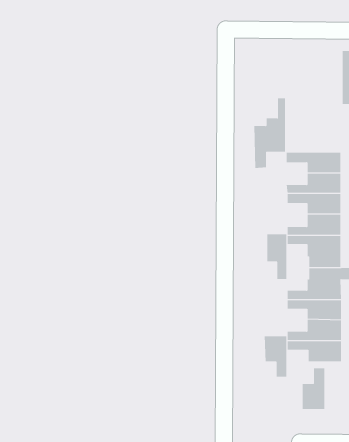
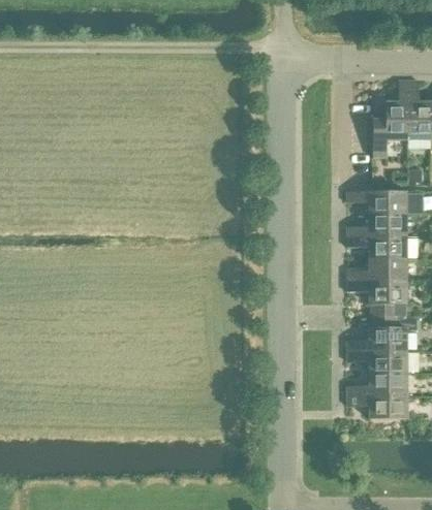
building: [253,98,286,168] -> [373,81,408,157]
building: [267,233,287,280] -> none
building: [264,335,287,378] -> none
building: [302,368,325,410] -> none

